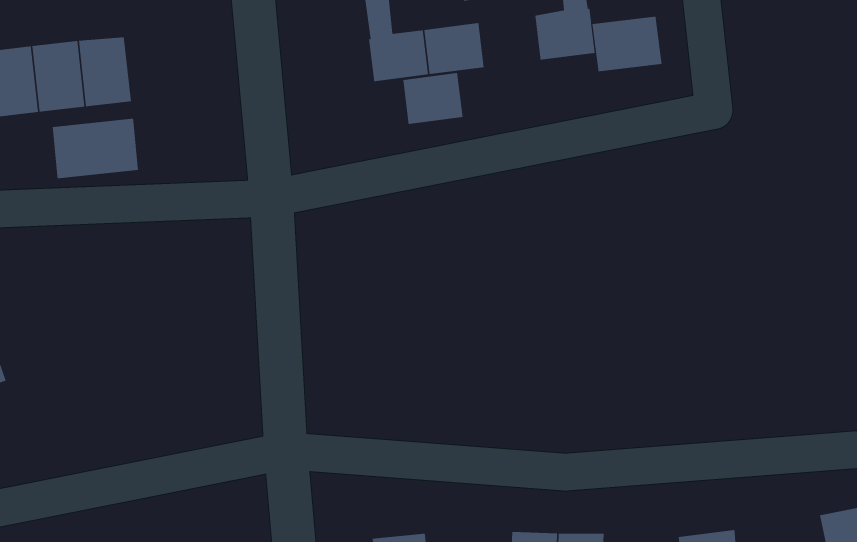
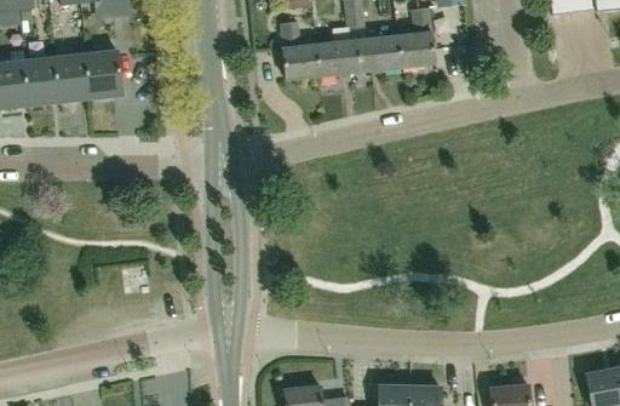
building: [592,16,662,72] -> none
building: [402,73,463,124] -> [356,36,397,72]
building: [52,118,138,179] -> none

